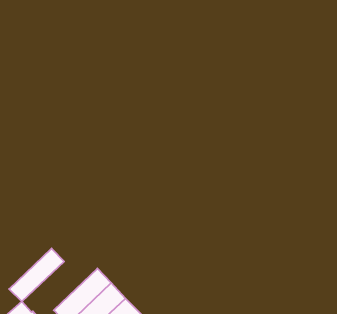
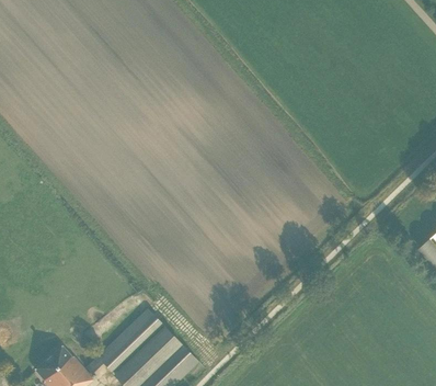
building: [9,248,64,301] -> none

